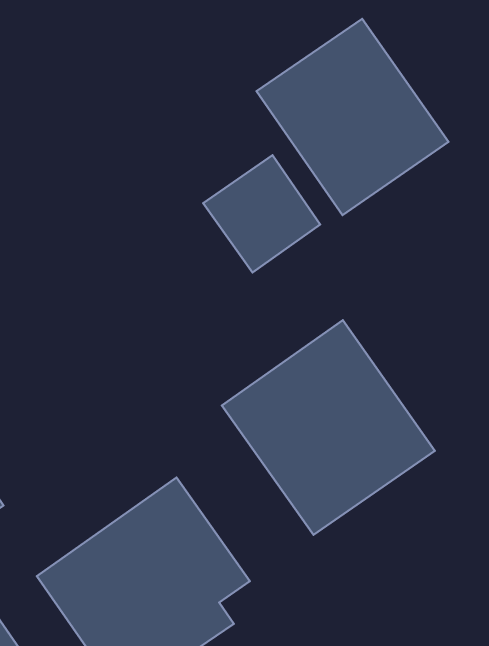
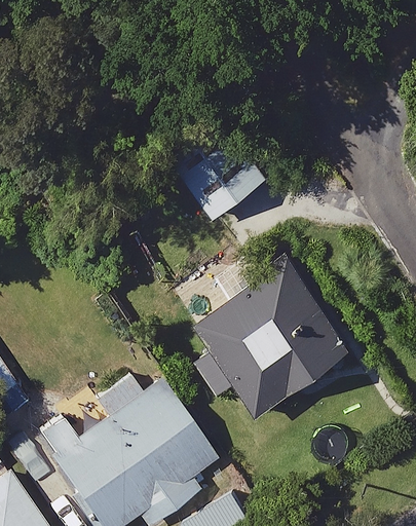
building: [256,19,448,215] -> none

